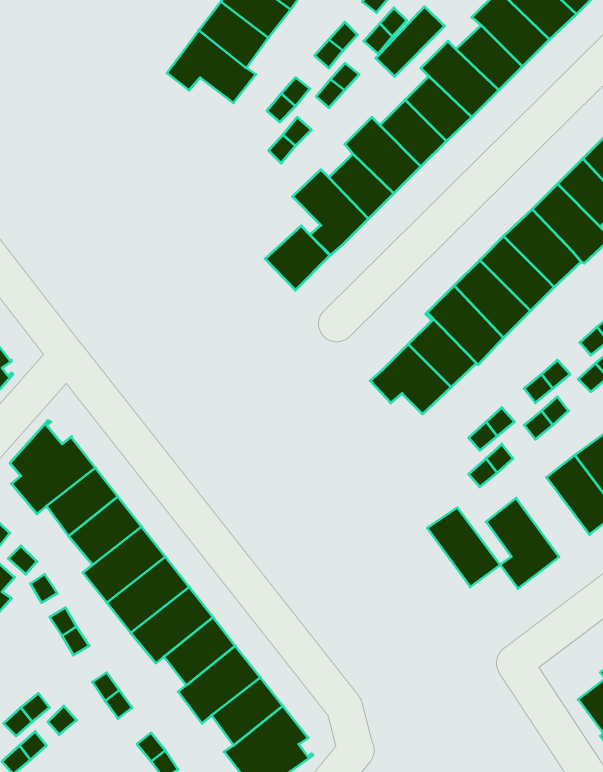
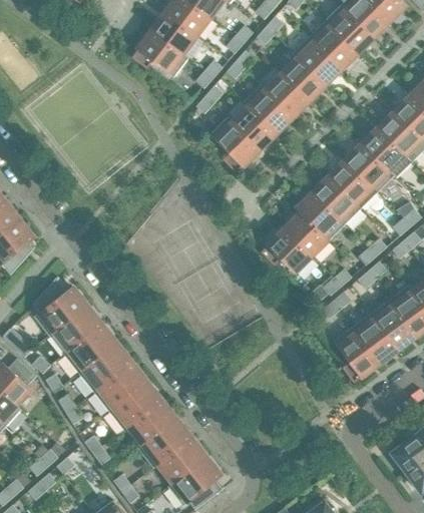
building: [376,7,445,76] -> none
building: [265,226,330,290] -> none
building: [427,508,500,587] -> [353,312,399,362]

